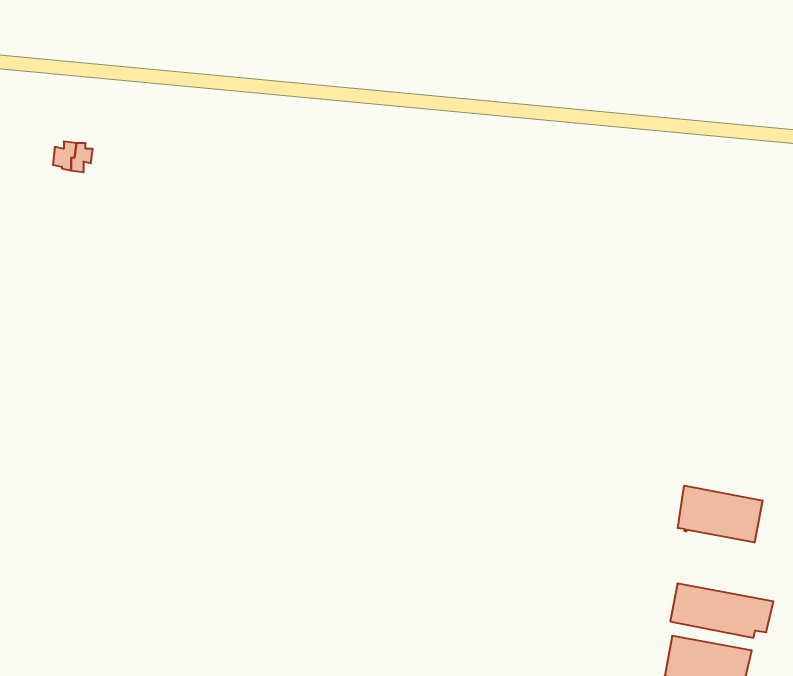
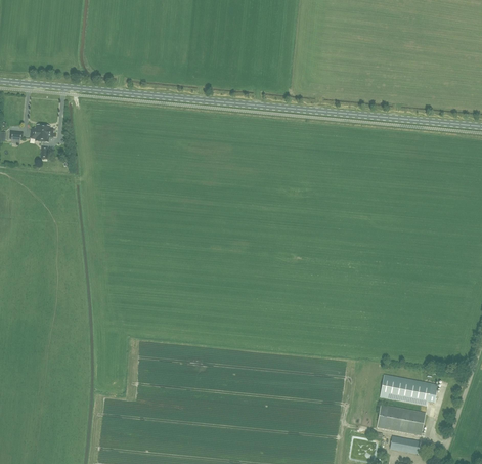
building: [678,486,762,543] -> none

